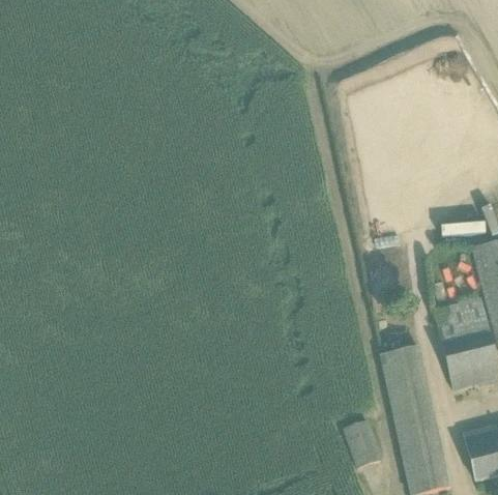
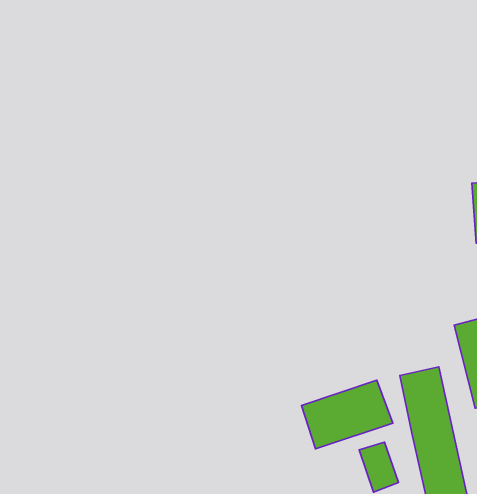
building: none -> [302,380,393,449]

